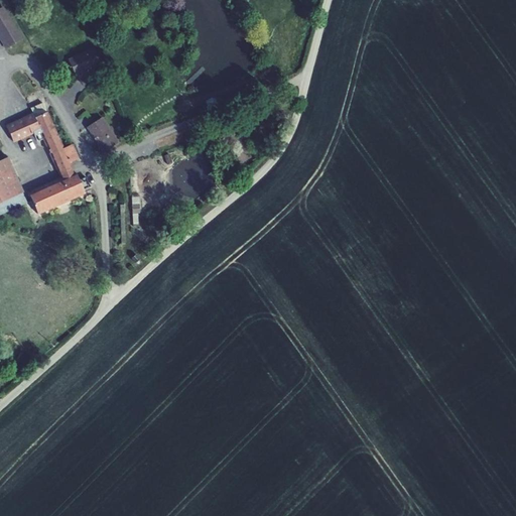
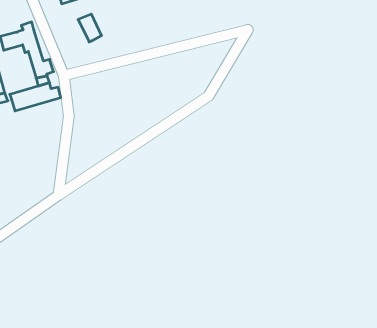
building: [87,117,118,151] -> [78,14,102,42]

